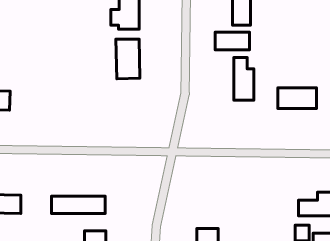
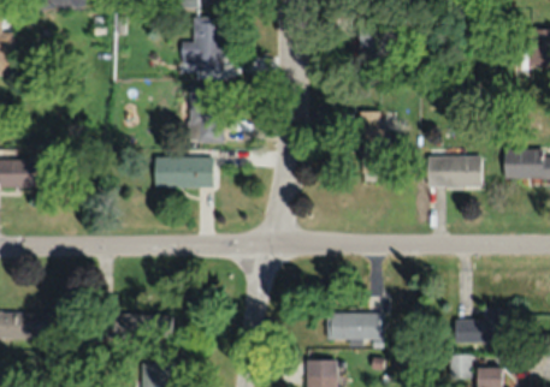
building: [215,32,249,50] -> none
building: none -> [154,157,213,187]
building: none -> [327,314,384,341]

